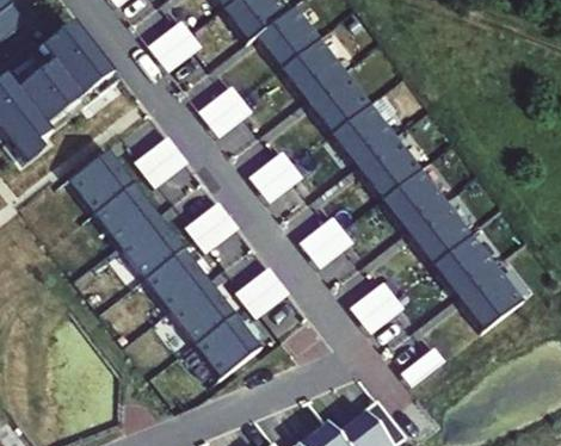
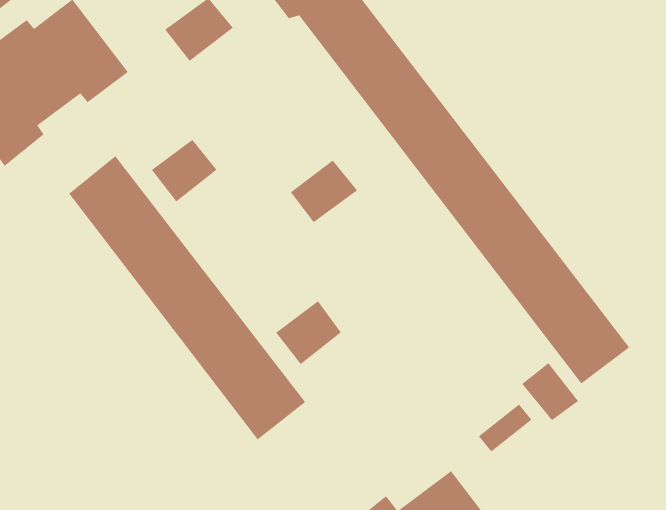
building: [198,86,252,137] -> none
building: [186,200,240,252] -> none
building: [298,217,353,268] -> none
building: [349,281,403,334] -> none
building: none -> [521,362,579,421]

